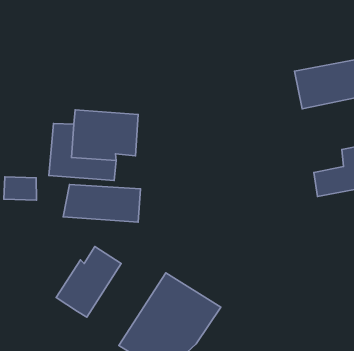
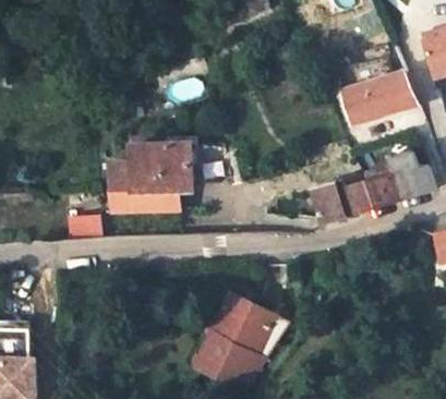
building: none -> [313,182,373,222]
building: [63,185,140,222] -> none
building: [56,246,121,317] -> none

